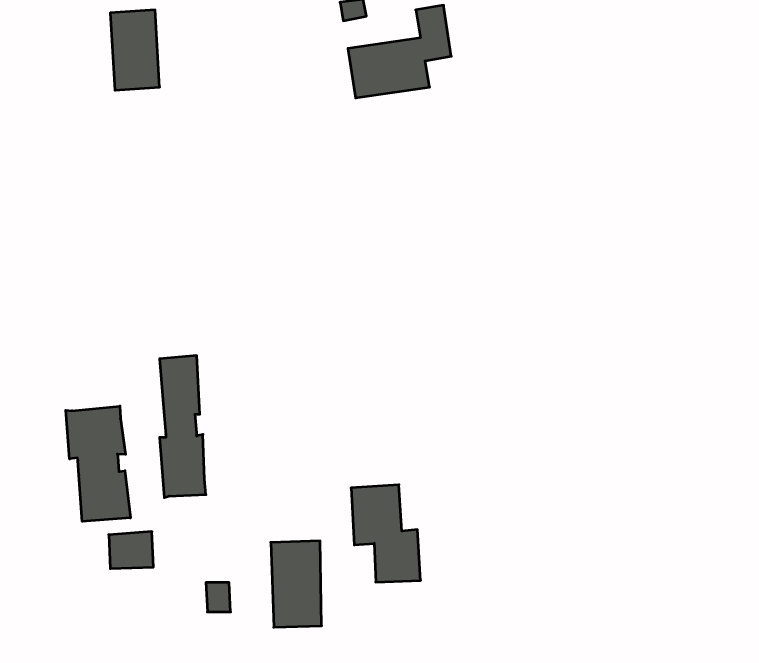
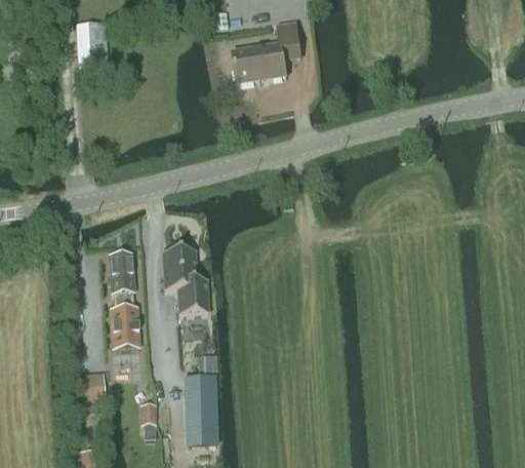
building: [66,406,130,521] -> none
building: [351,485,421,582] -> [162,248,208,313]

